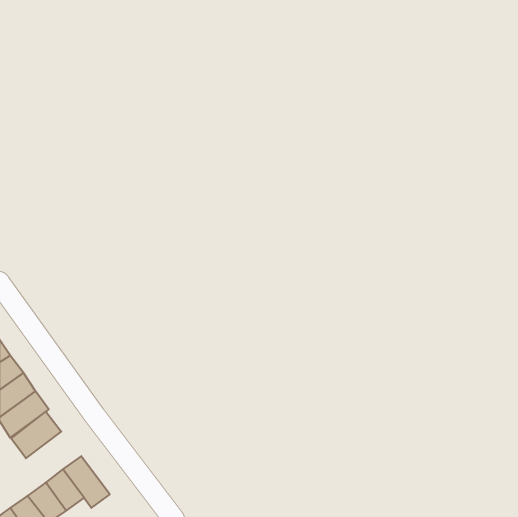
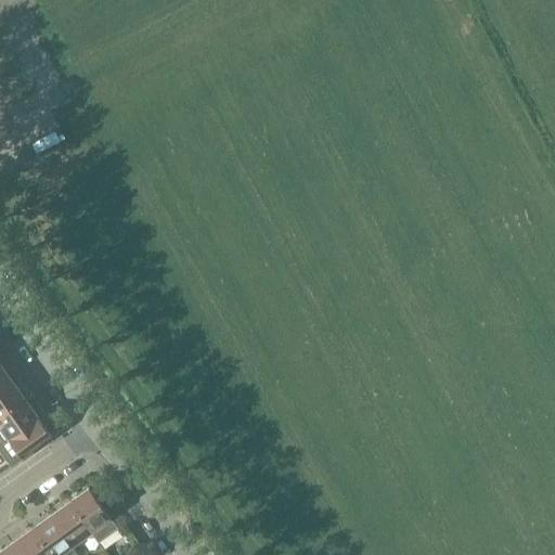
building: [11,412,61,458] -> none

